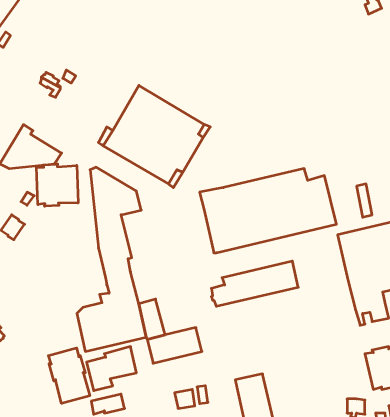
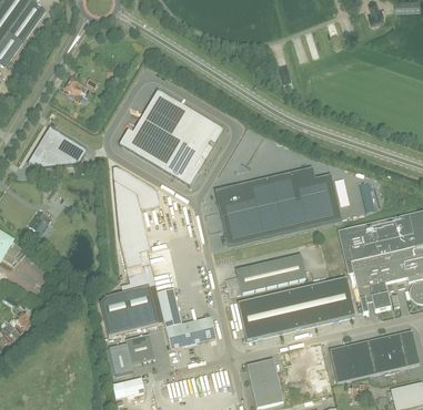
building: [36,164,78,206] -> none
building: none -> [236,277,354,340]
building: [48,348,90,403] -> none
building: none -> [329,340,375,382]

